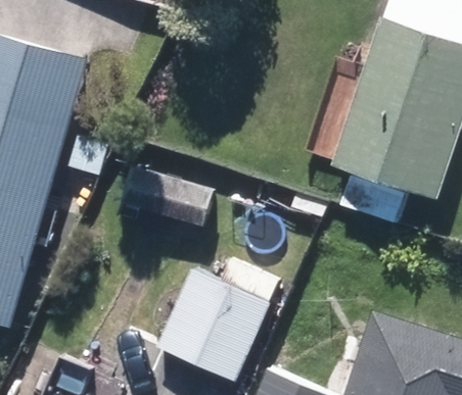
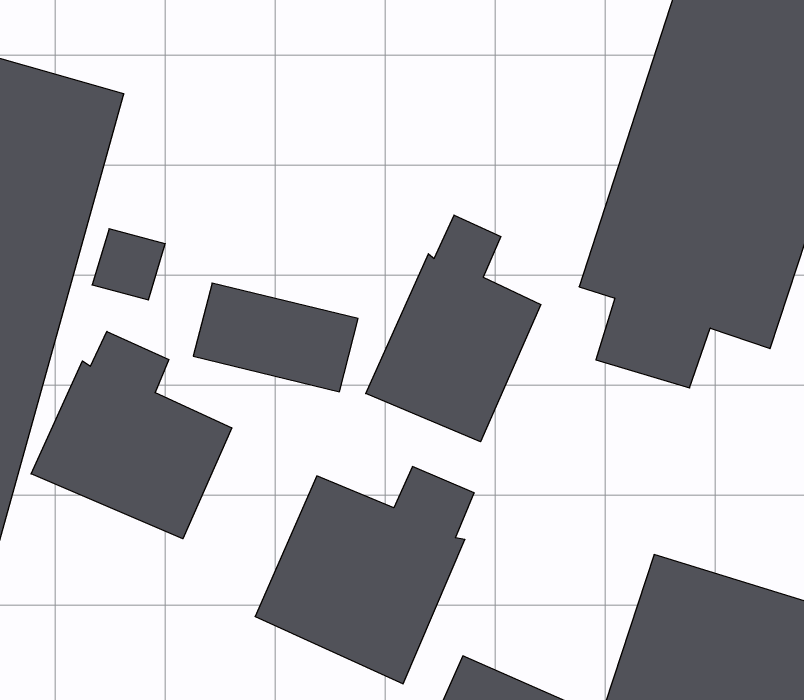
building: none -> [366,215,541,442]
building: none -> [31,331,232,539]

